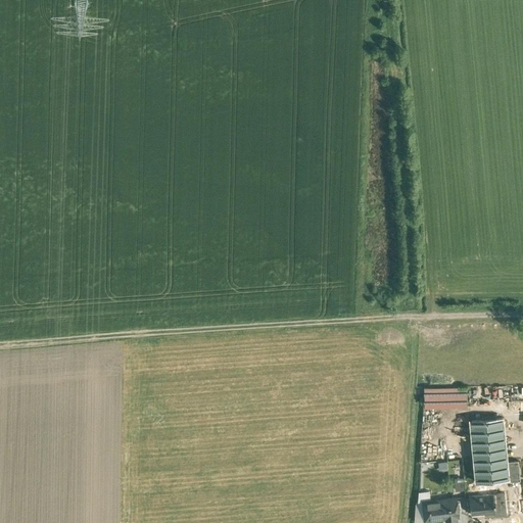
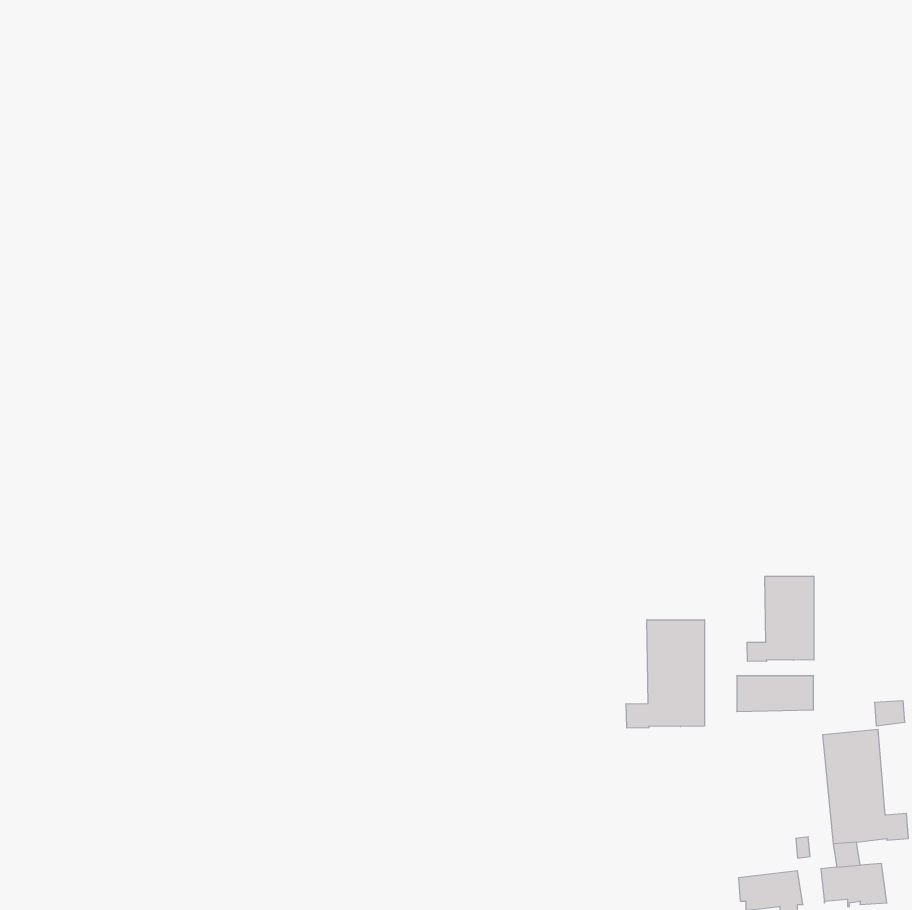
building: none -> [747,576,814,661]
building: none -> [626,620,704,728]

